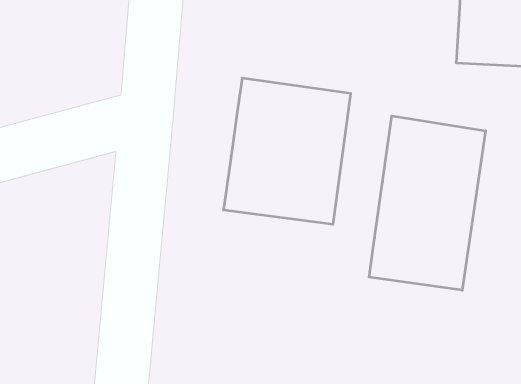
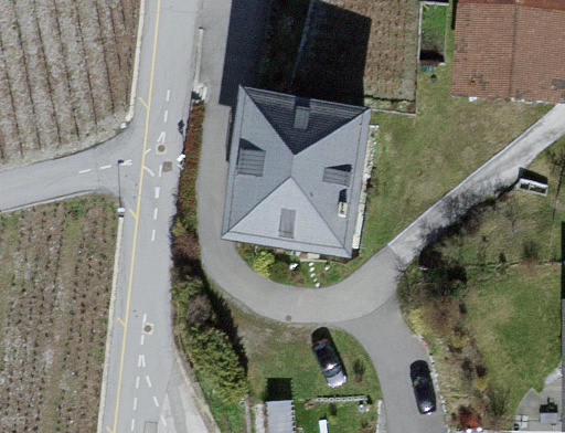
building: [369,116,486,290] -> none

